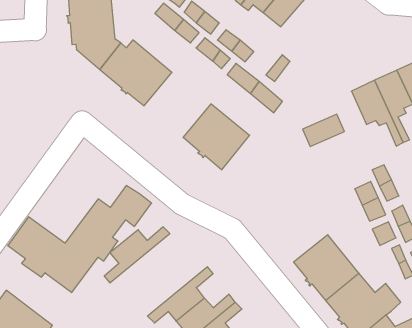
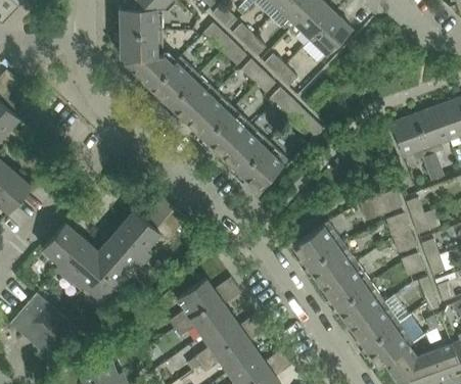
building: none -> [186,92,251,156]
building: [303,114,344,146] -> [360,191,401,221]
building: none -> [292,222,357,287]
building: [104,227,170,283] -> [169,278,236,329]

